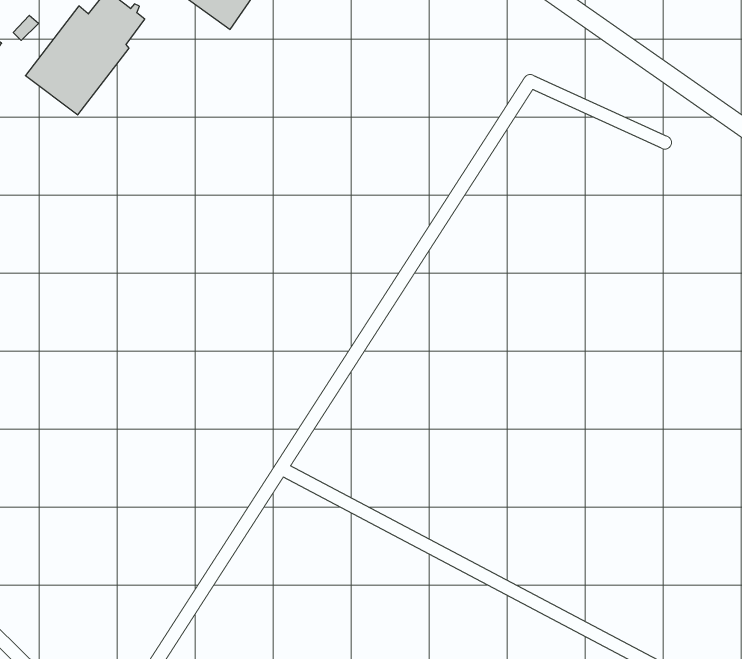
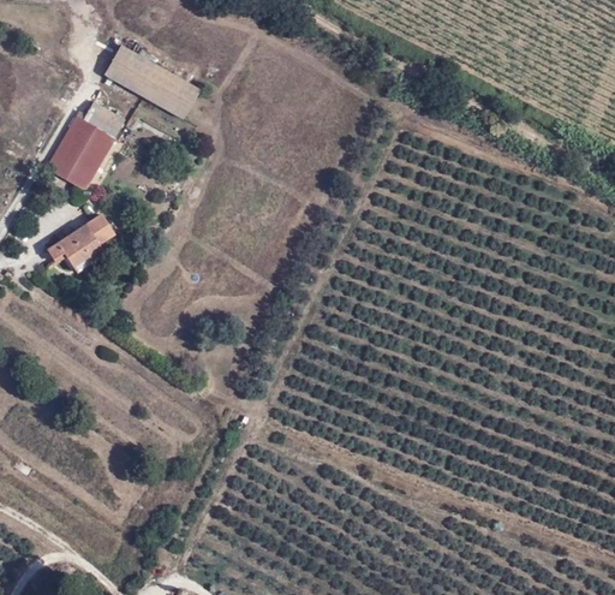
building: none -> [48,215,113,270]

